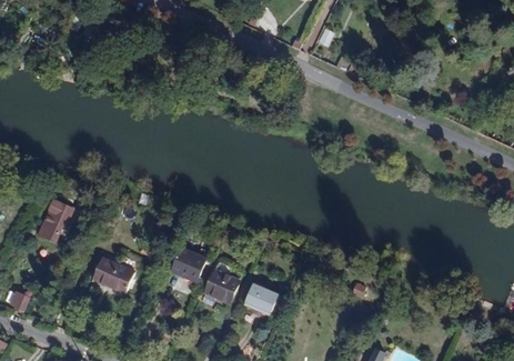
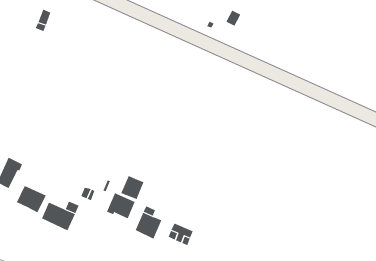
building: none -> [120,175,144,200]
building: none -> [16,185,46,213]

